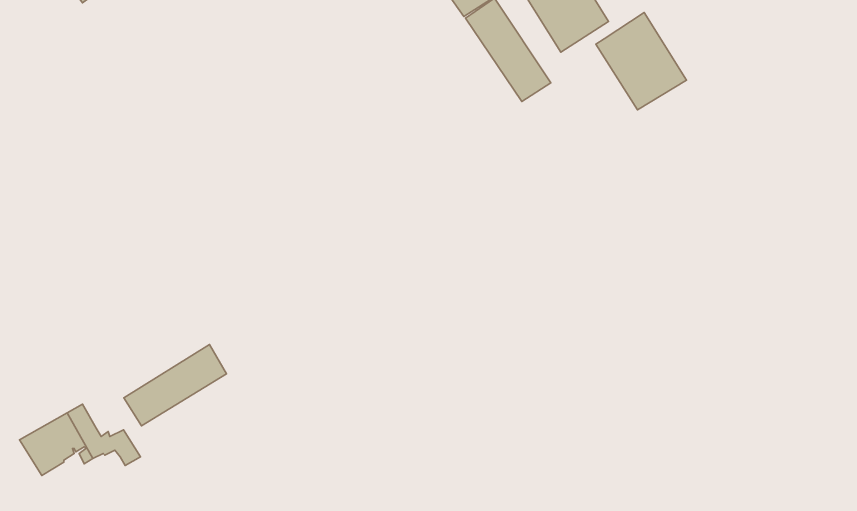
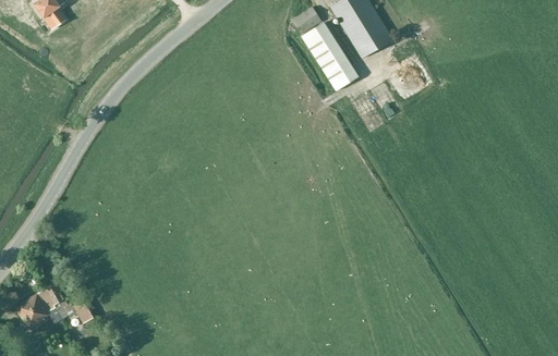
building: [596,12,686,110] -> none
building: [124,344,227,426] -> none

